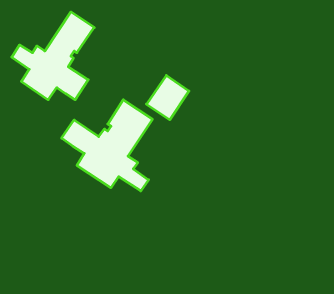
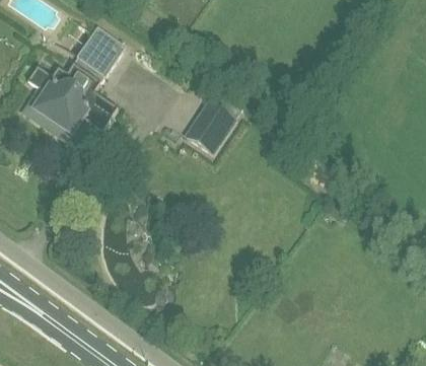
building: [62,100,152,191] -> none

